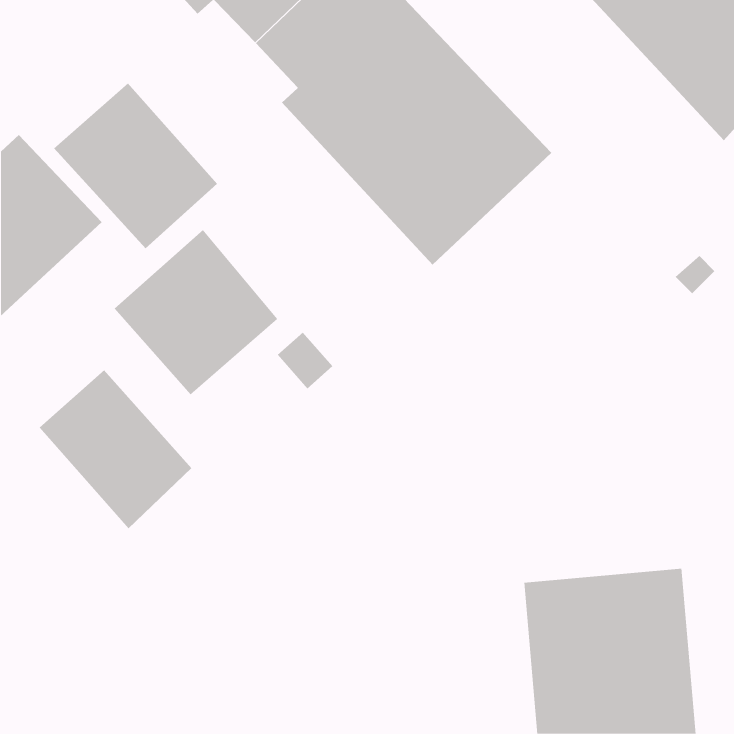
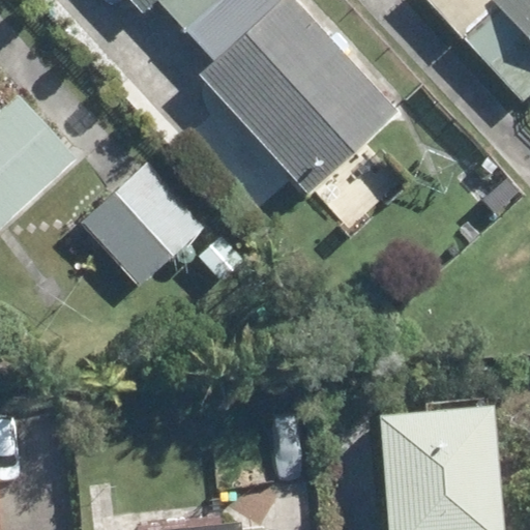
building: [53,82,218,249] -> none
building: [39,370,192,529] -> none

